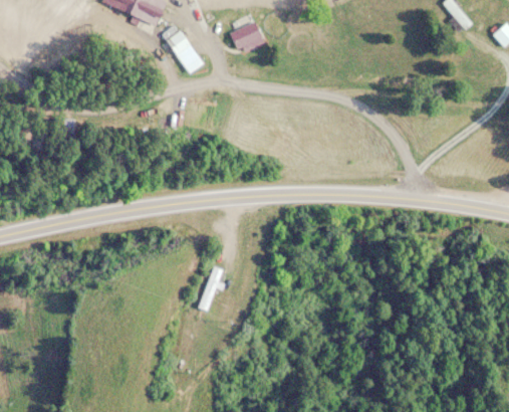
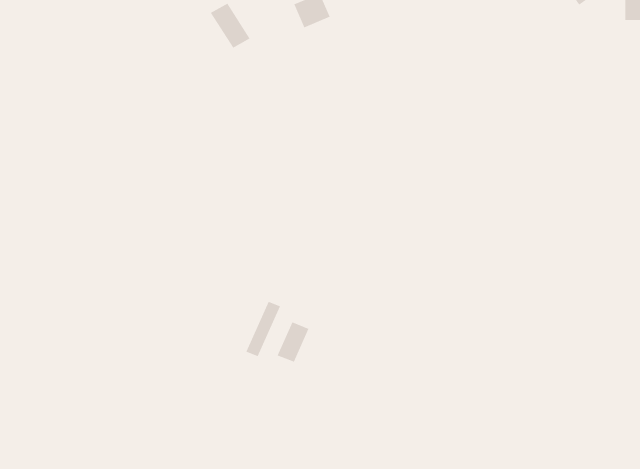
building: none -> [277,322,309,362]

